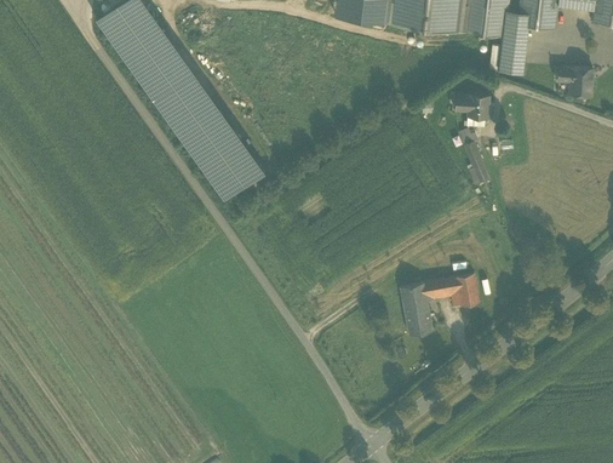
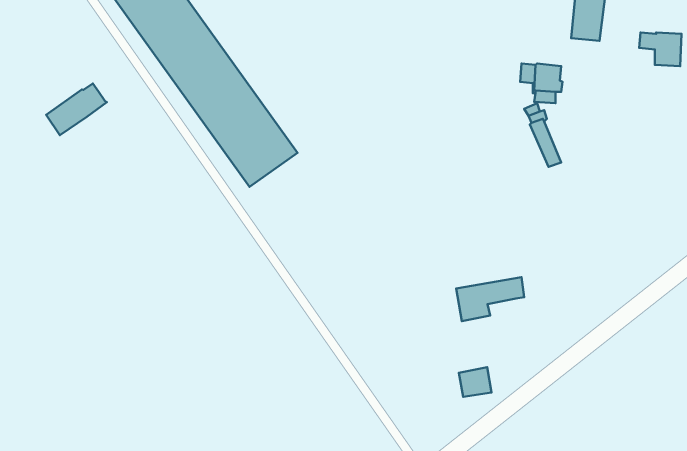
building: none -> [46,84,107,135]
building: [456,275,480,309] -> none
building: [405,311,432,337] -> [459,367,491,397]

